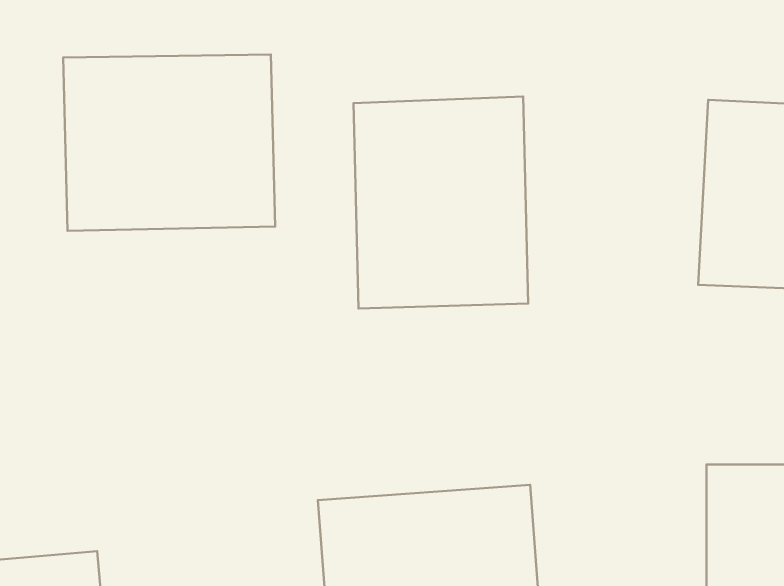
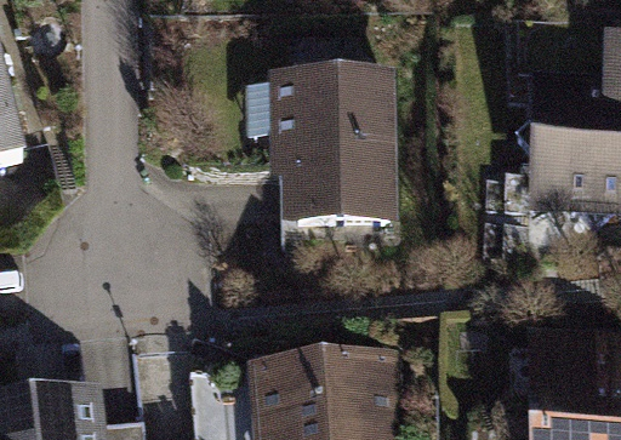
building: [63,55,275,231] -> none

